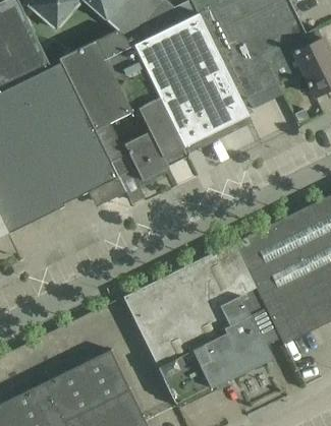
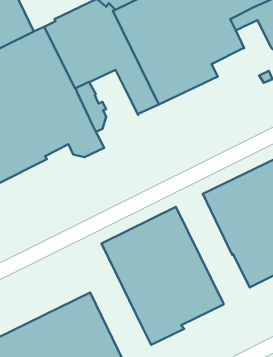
building: [115,127,168,186] -> none
building: [203,243,269,362] -> none

